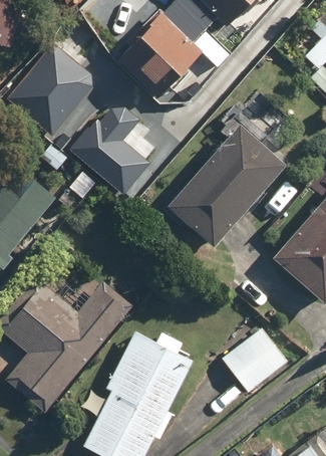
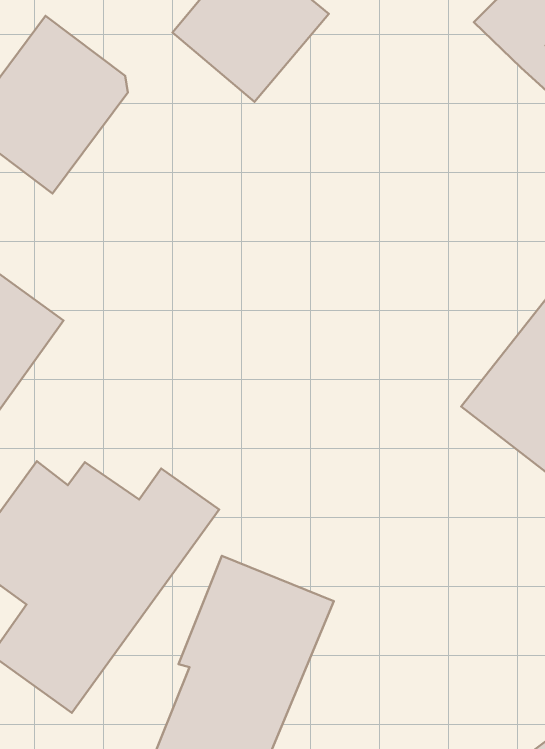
building: [75,100,156,186] -> none
building: [161,106,286,253] -> none
building: [221,330,287,395] -> none

